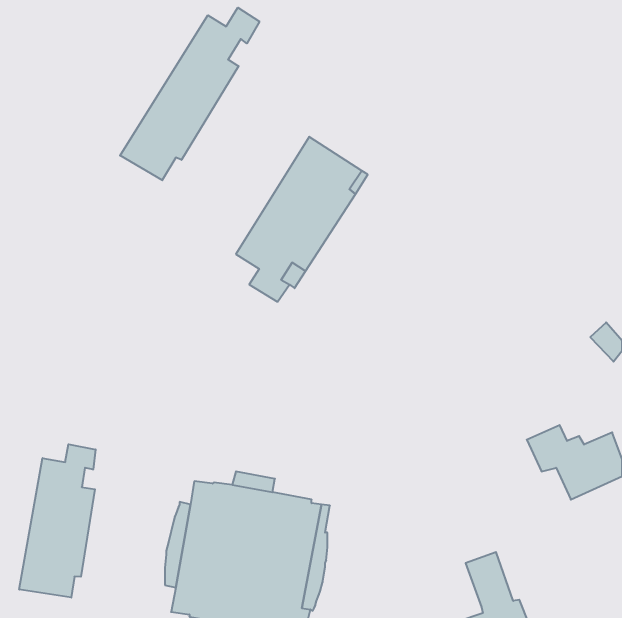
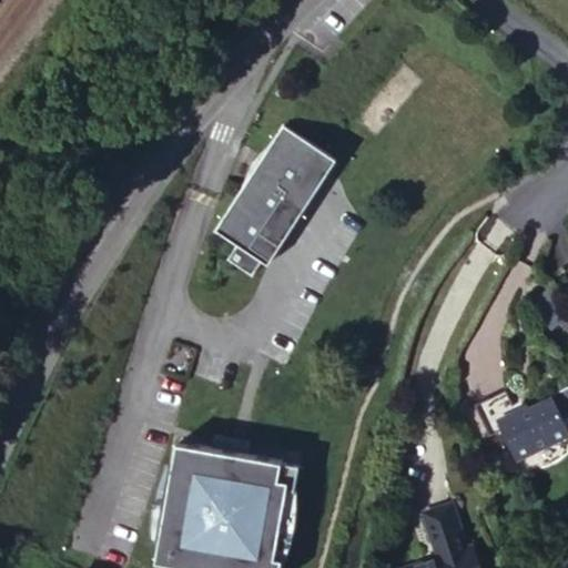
building: [120,8,259,180] -> none
building: [19,444,96,598] -> none

